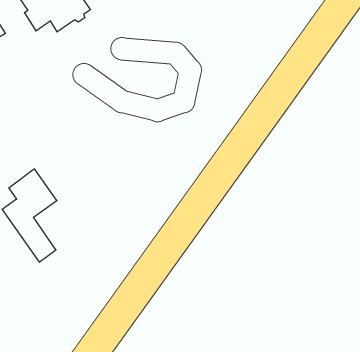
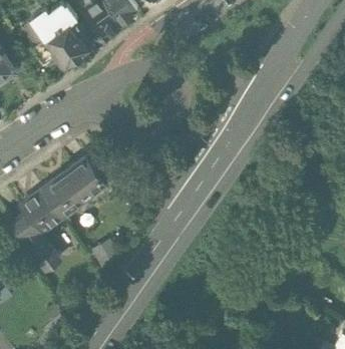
building: none -> [41,153,105,213]

